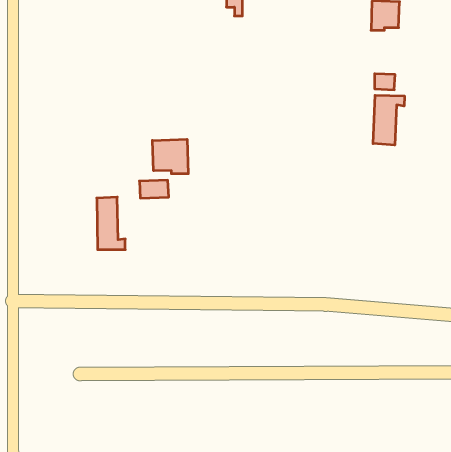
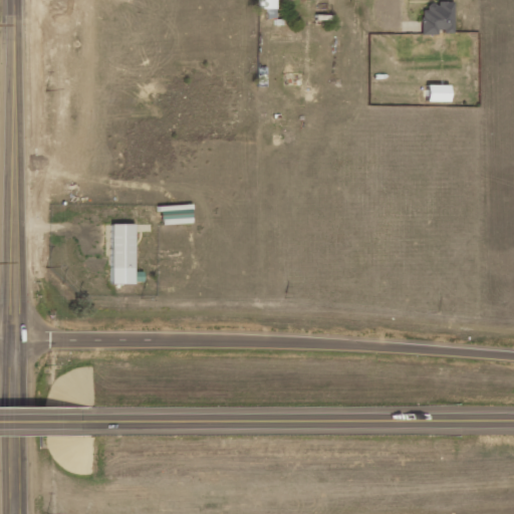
building: [373,95,404,145] -> none
building: [152,139,188,174] -> none

